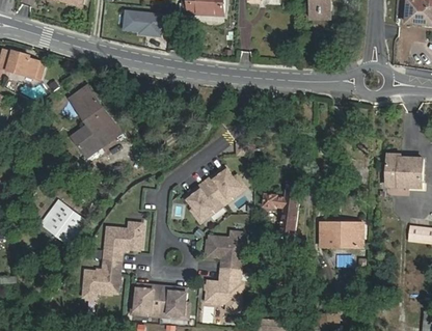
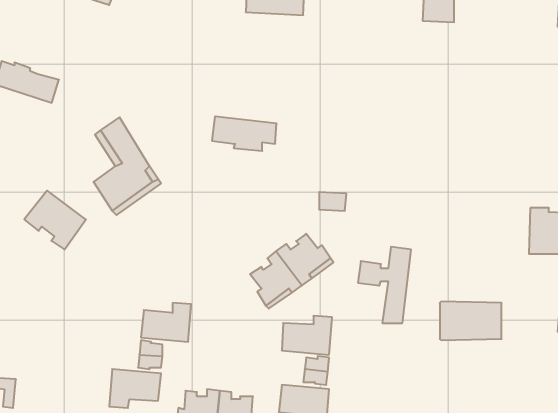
building: [124,9,170,34] -> [212,116,277,151]
building: [45,200,89,243] -> [24,191,86,250]

